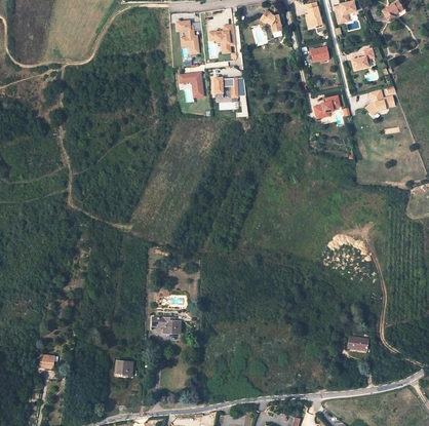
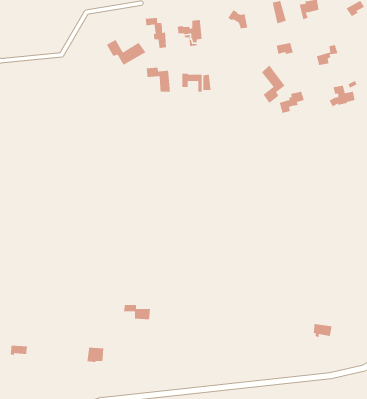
building: none -> [106,39,146,66]
building: none -> [261,65,286,104]

